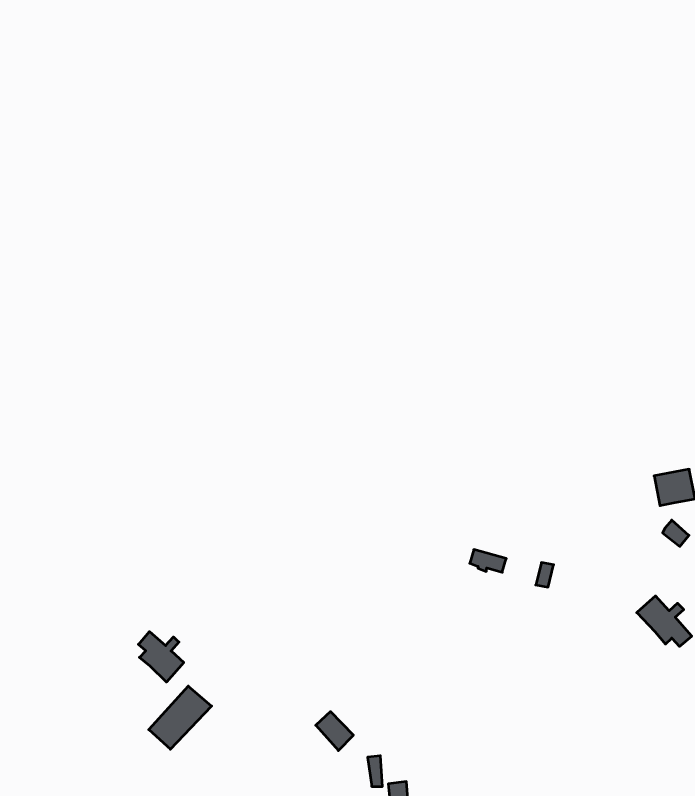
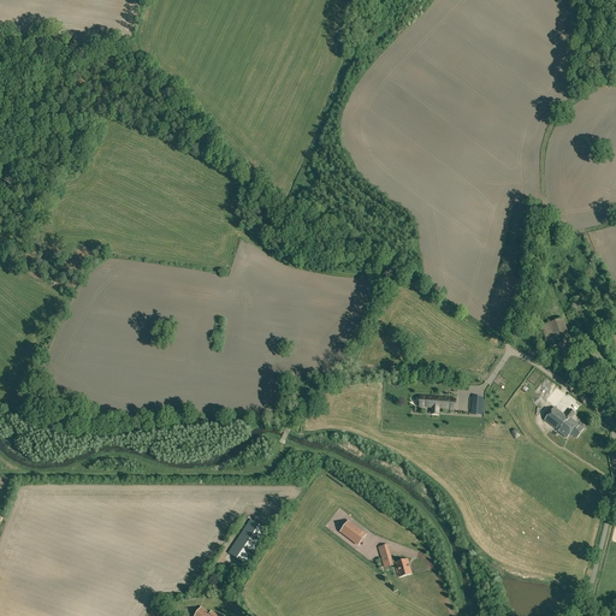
building: [138,632,184,682] -> none

